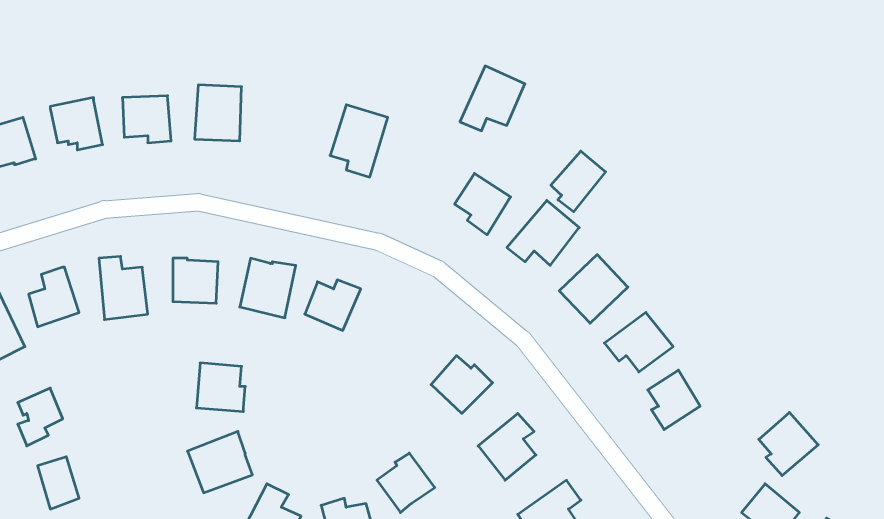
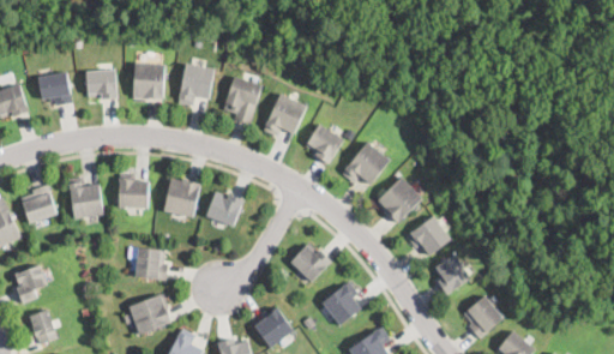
building: [460,66,525,131] -> [263,94,306,137]
building: none -> [177,64,213,107]
building: [551,151,606,212] -> none
building: [759,412,818,476] -> [463,295,502,337]

